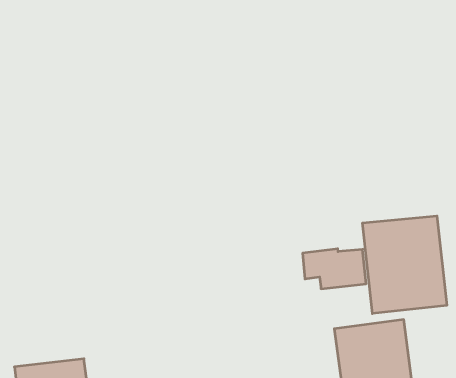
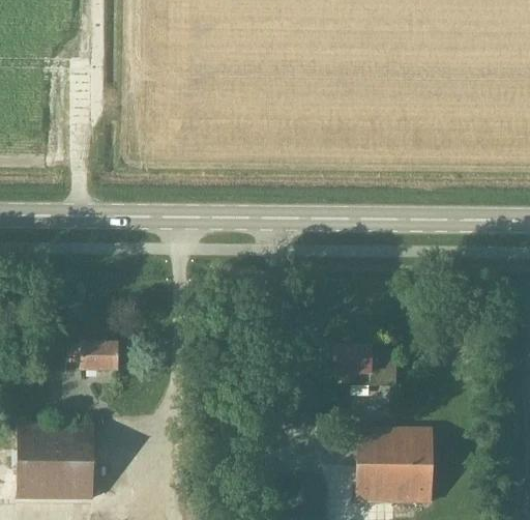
building: [363,216,447,314] -> none
building: none -> [67,344,118,371]

